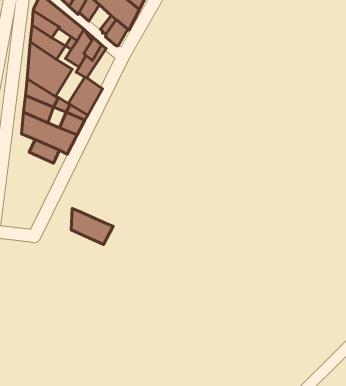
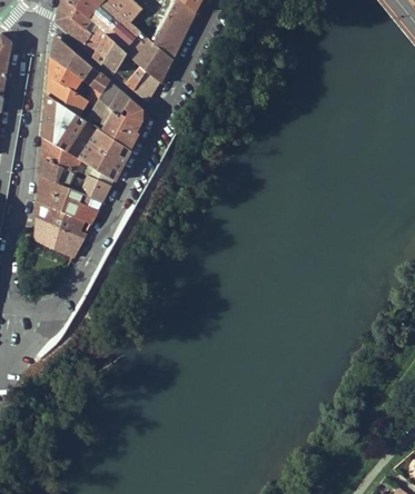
building: none -> [112,102,141,148]
building: [71,208,113,245] -> [36,216,83,257]

